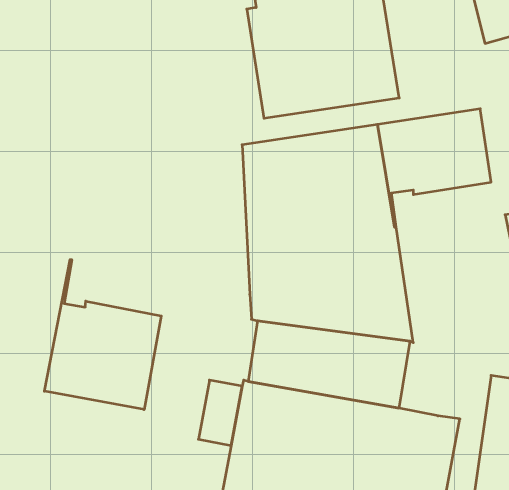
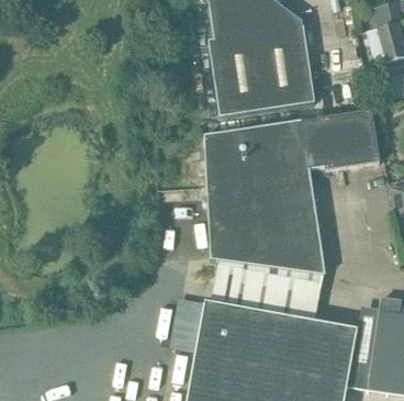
building: [44,260,161,410] -> none

